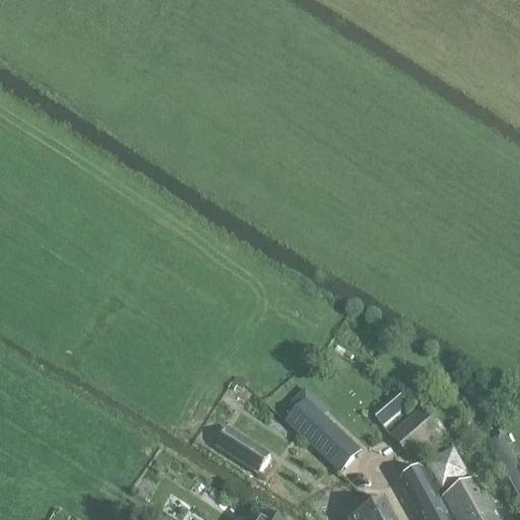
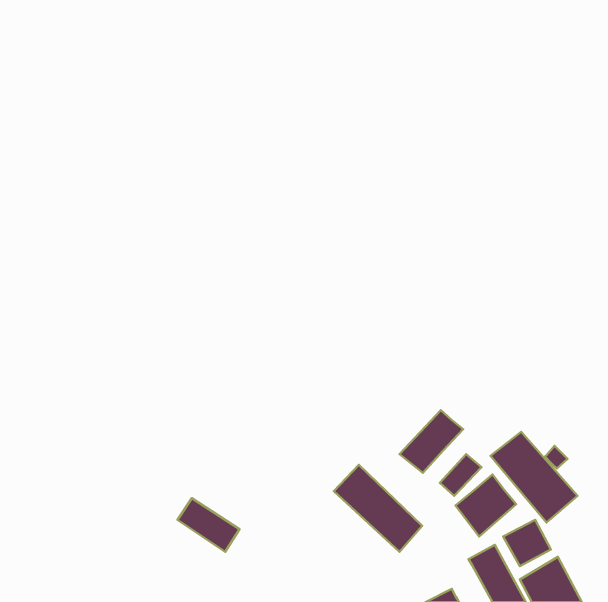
building: none -> [399,410,463,473]
building: none -> [491,432,577,523]
building: [216,426,269,471] -> [177,498,239,552]

